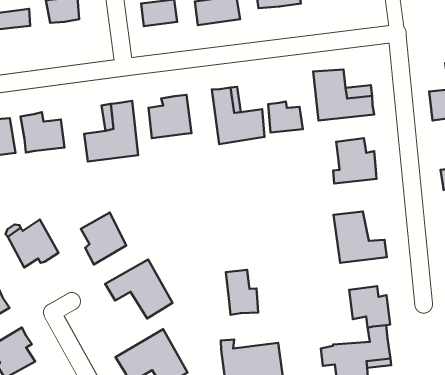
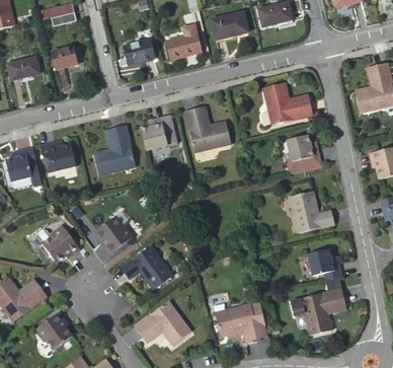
building: [268,102,303,133] -> none
building: [226,270,258,315] -> none

